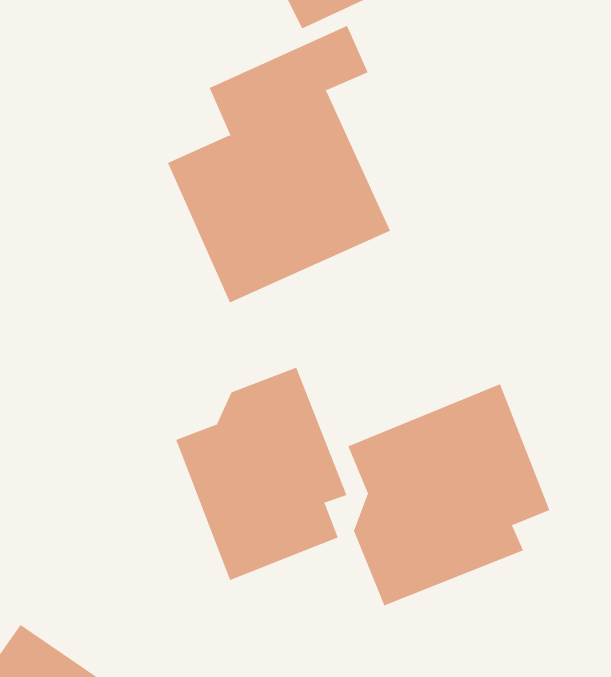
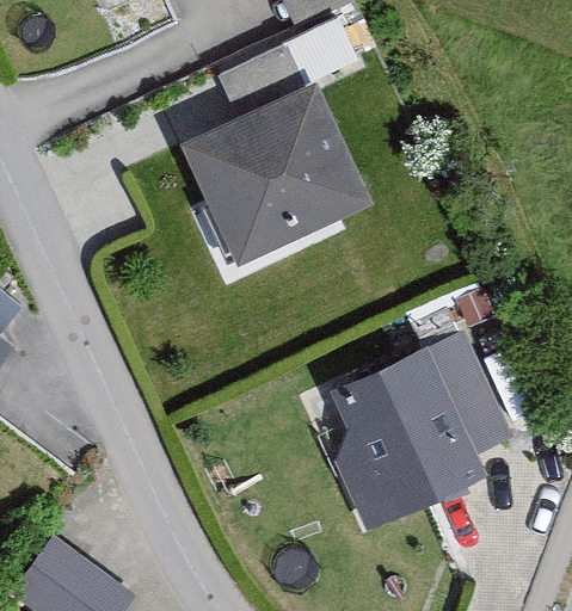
building: [175,367,347,581] -> none

